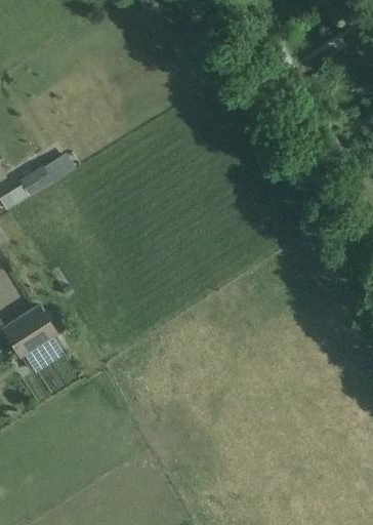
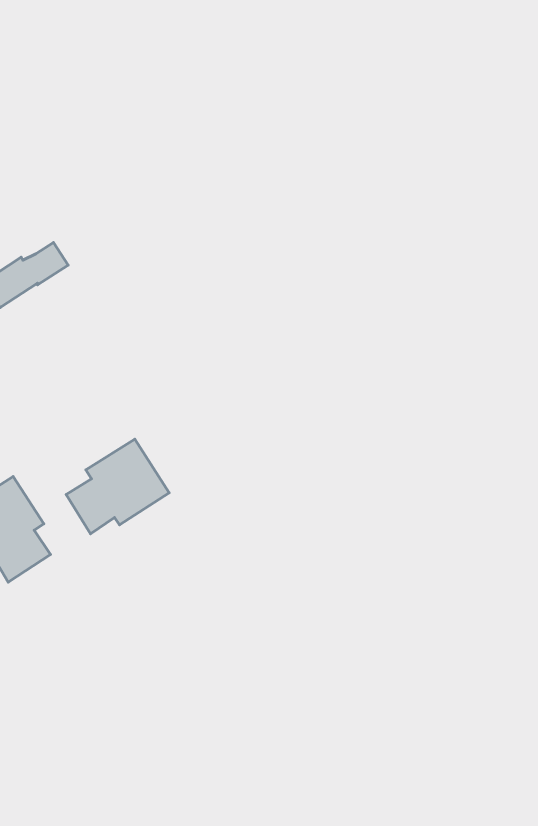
building: none -> [66,439,169,534]

